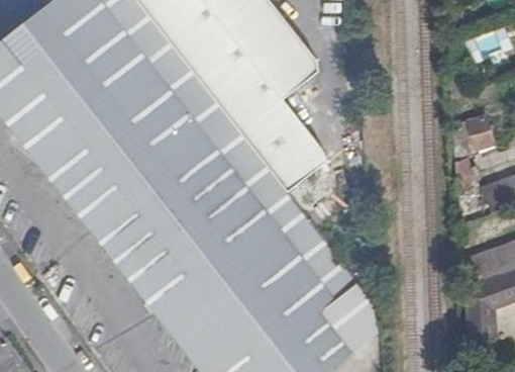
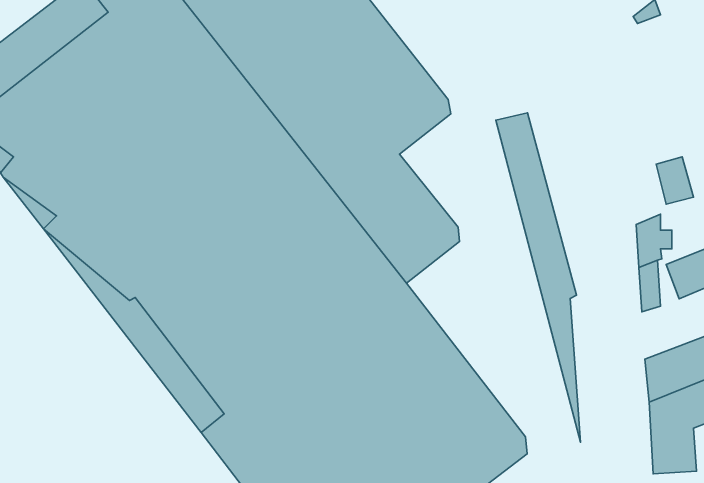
building: none -> [496,113,581,442]

